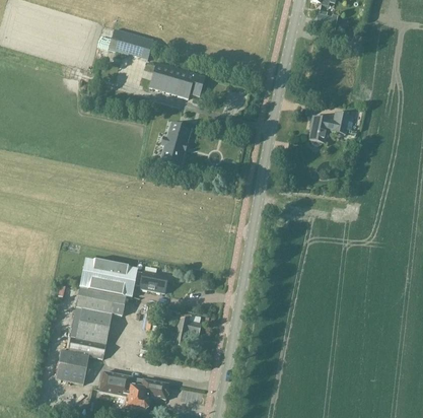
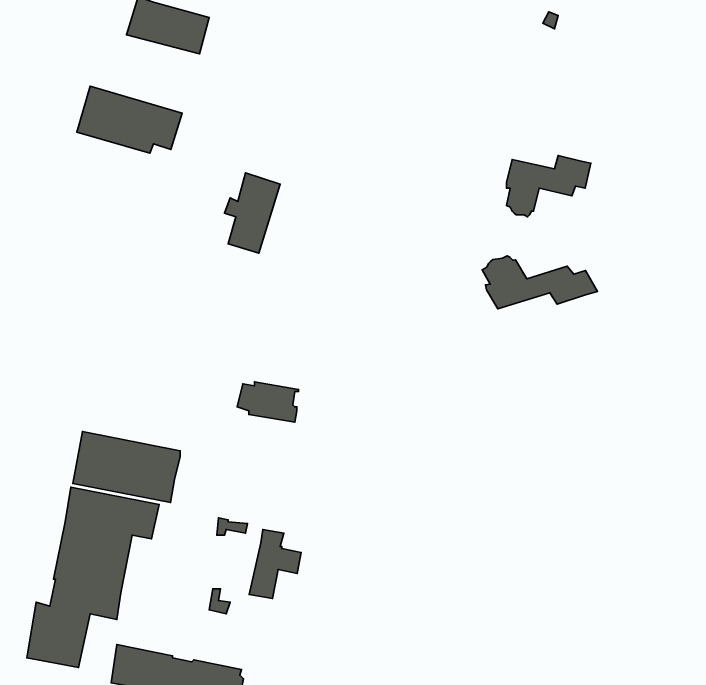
building: [150,62,206,97] -> [77,86,182,153]
building: none -> [482,256,597,309]
building: [134,271,166,292] -> [237,382,299,422]

